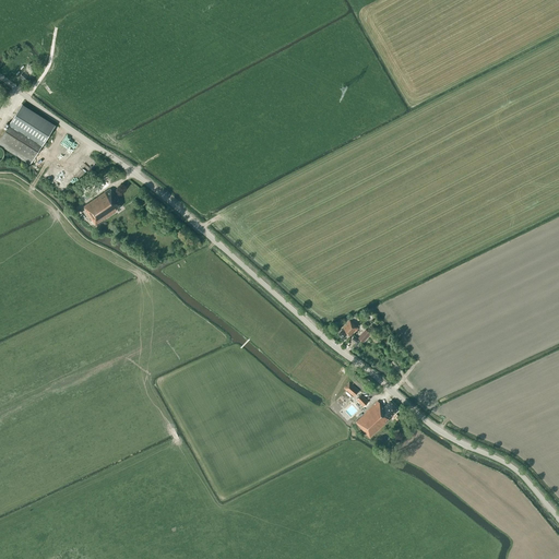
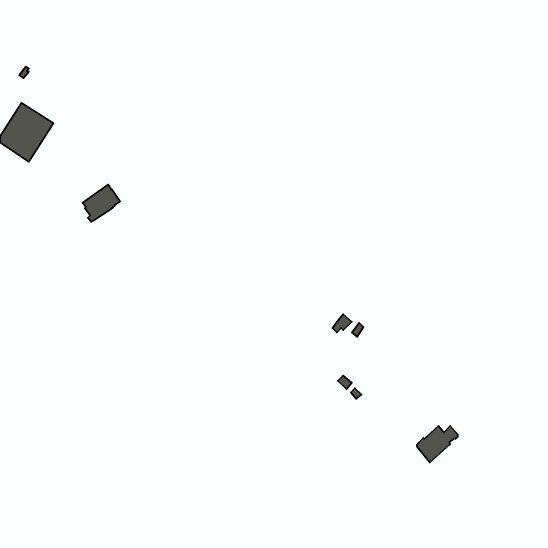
building: [356,401,397,438] -> [417,426,458,462]

